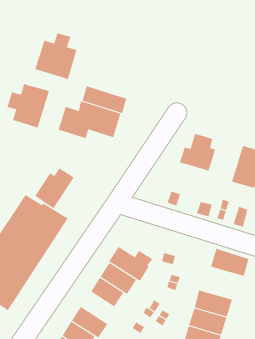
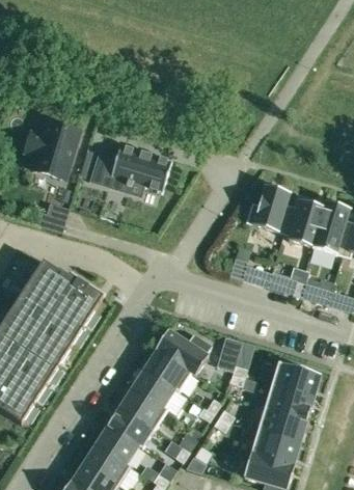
building: [35,33,77,80] -> none
building: [82,85,127,114] -> none
building: none -> [283,199,326,247]
building: [34,168,74,209] -> none
building: [210,248,249,277] -> [270,361,320,398]
building: none -> [119,387,167,429]

